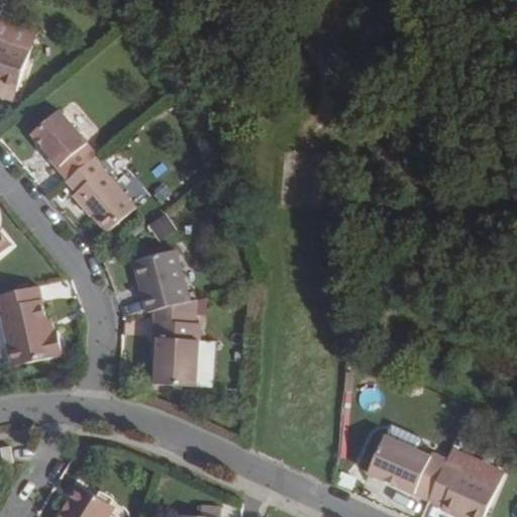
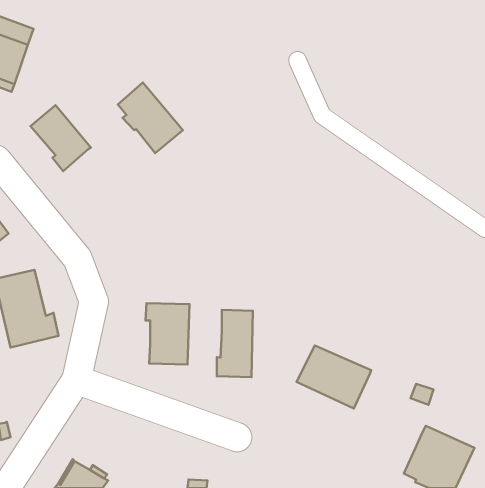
building: [67,158,135,232] -> [118,82,183,153]
building: [133,249,188,312] -> none
building: none -> [217,310,253,377]
building: [366,433,444,500] -> [297,345,371,409]

